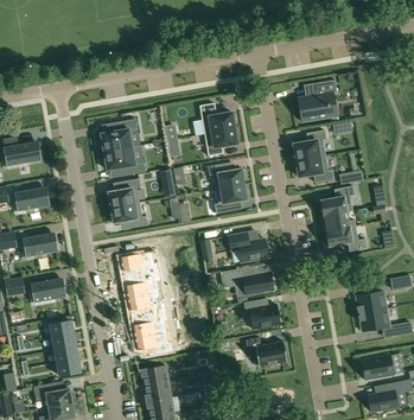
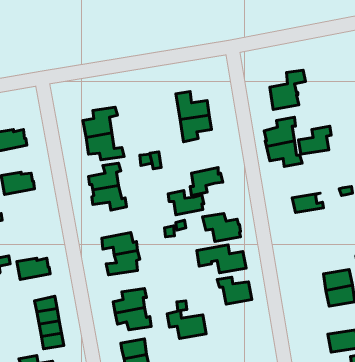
building: [208,163,246,189] -> [168,190,204,215]
building: [320,185,355,215] -> [299,126,331,154]
building: [326,225,367,250] -> none
building: [23,234,58,256] -> none
building: [128,292,166,314] -> none
building: [246,336,287,365] -> [167,310,206,338]

